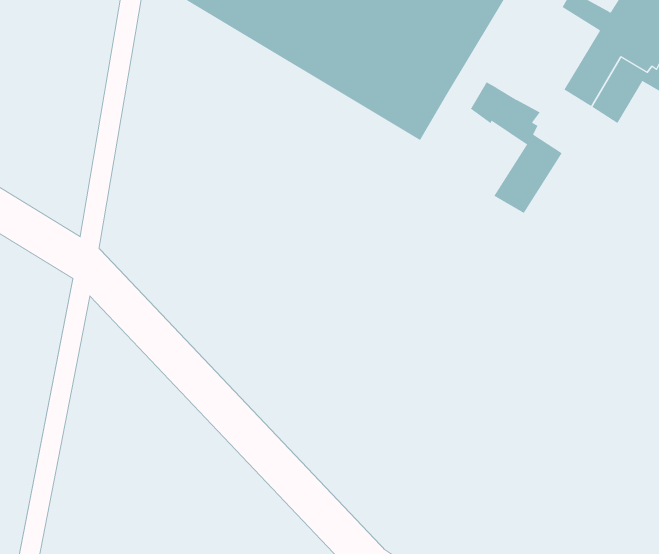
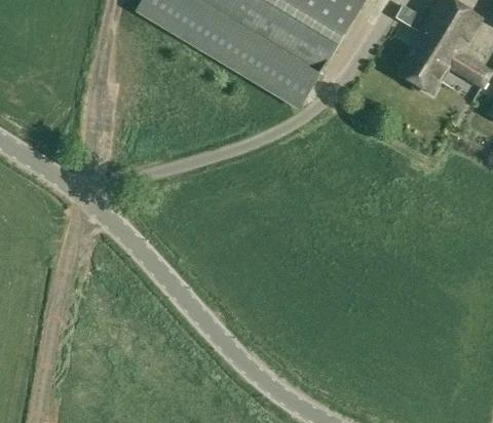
building: [470,82,562,214] -> none

